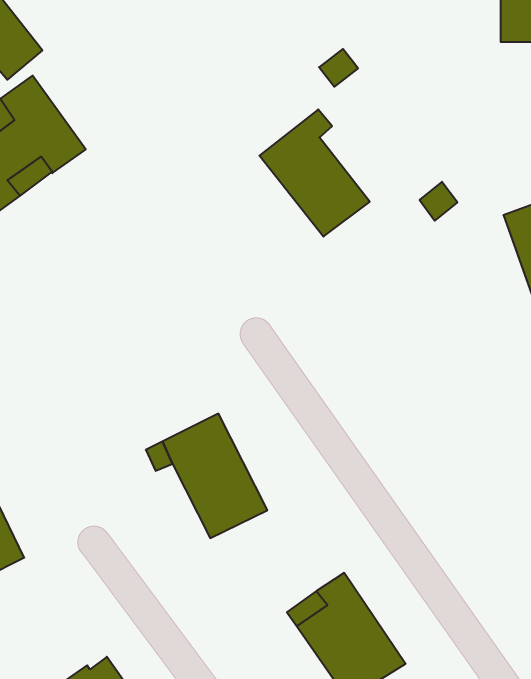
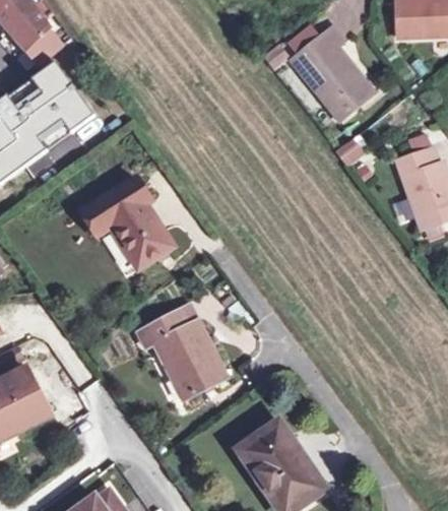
building: [259,109,370,237] -> [293,26,373,119]
building: none -> [84,178,174,269]

